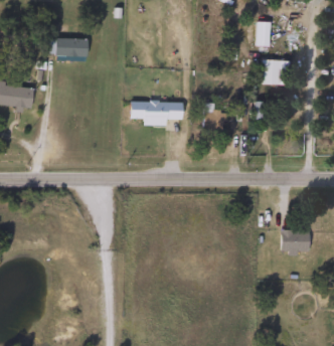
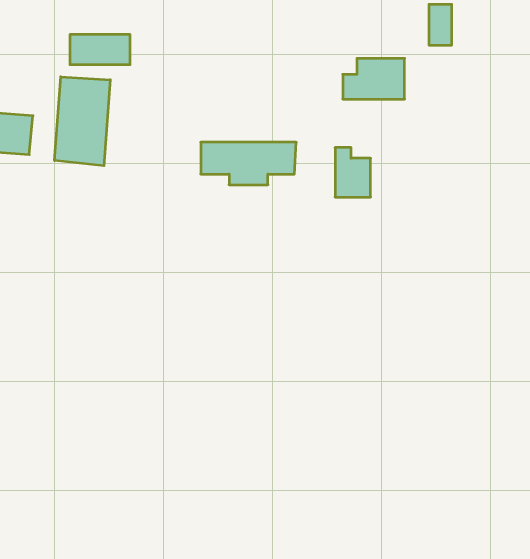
building: [255,60,290,83] -> [343,58,405,99]
building: none -> [55,77,110,166]
building: [280,230,310,252] -> none

